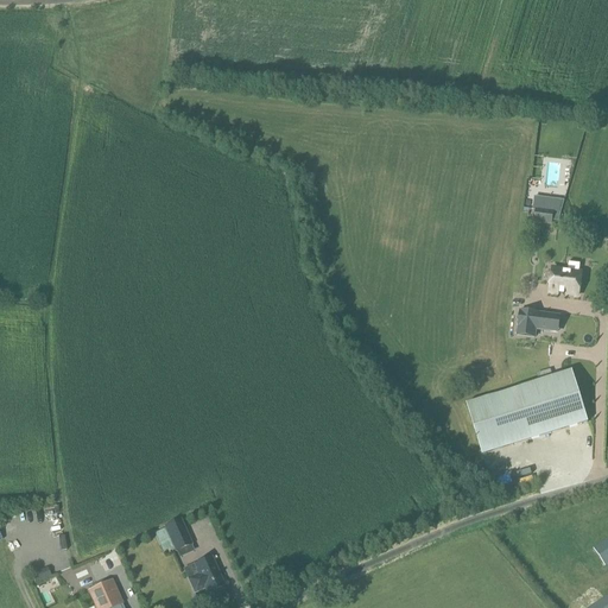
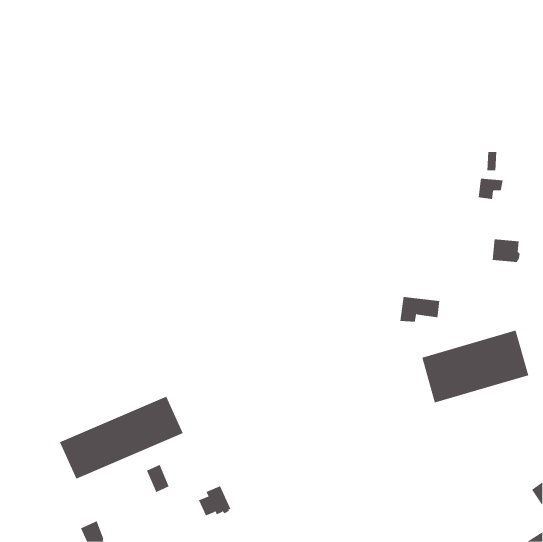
building: [513,311,558,340] -> [400,297,440,322]
building: none -> [59,396,183,479]
building: [184,555,221,589] -> [198,485,231,516]

